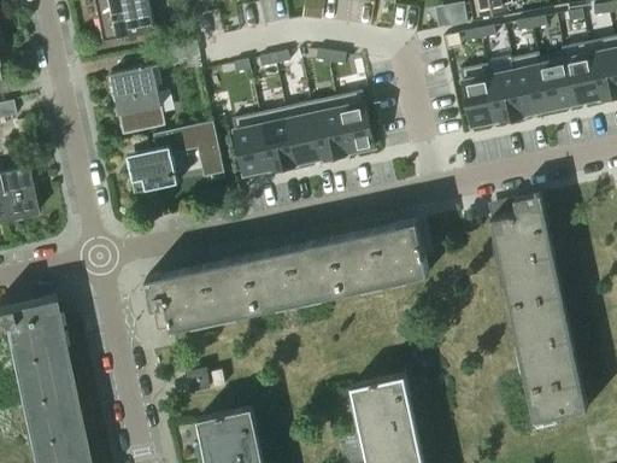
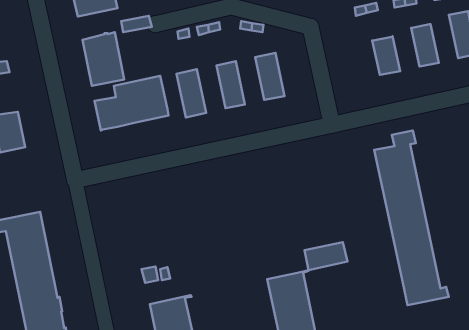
building: [562,41,600,104] -> none
building: [511,52,550,115] -> none
building: [459,63,498,125] -> none
building: [310,96,347,158] -> none
building: [259,107,296,169] -> none
building: [146,218,428,328] -> none
building: none -> [305,242,348,270]

